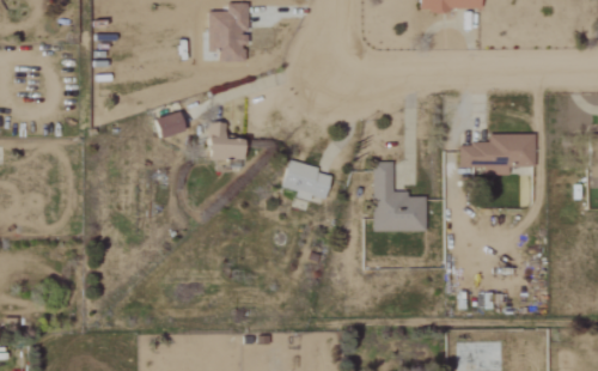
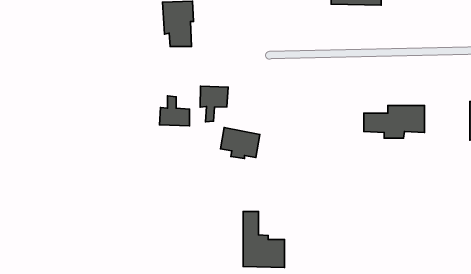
building: none -> [200,86,228,122]
building: [153,111,185,139] -> none
building: [374,162,426,231] -> [243,212,285,267]

